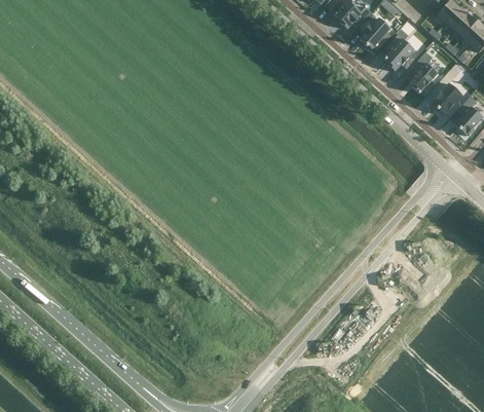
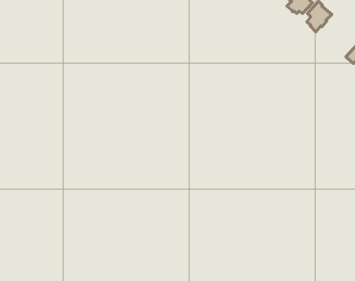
building: [406,60,438,92] -> none

